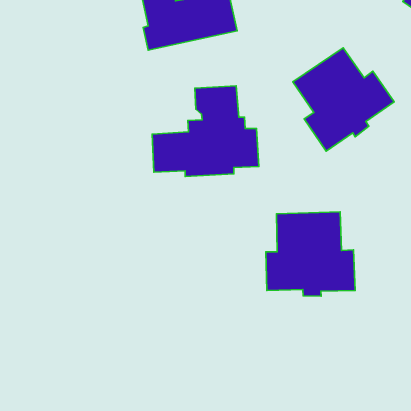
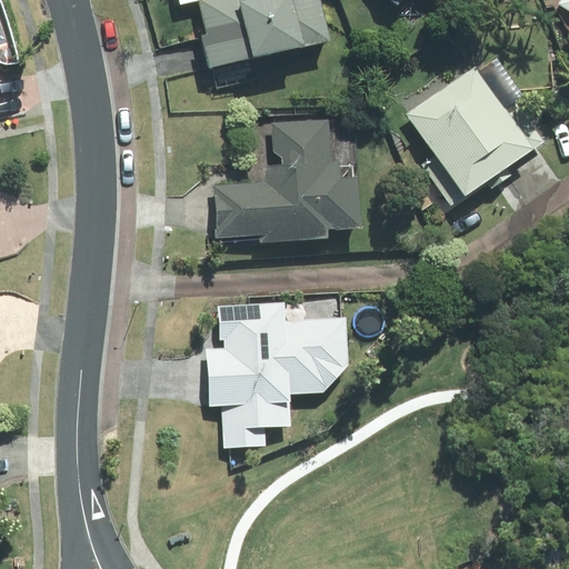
building: [266,212,355,296] -> none
building: none -> [207,303,348,448]

